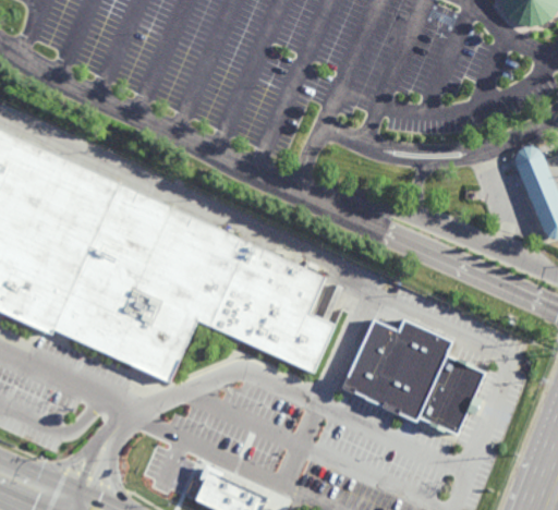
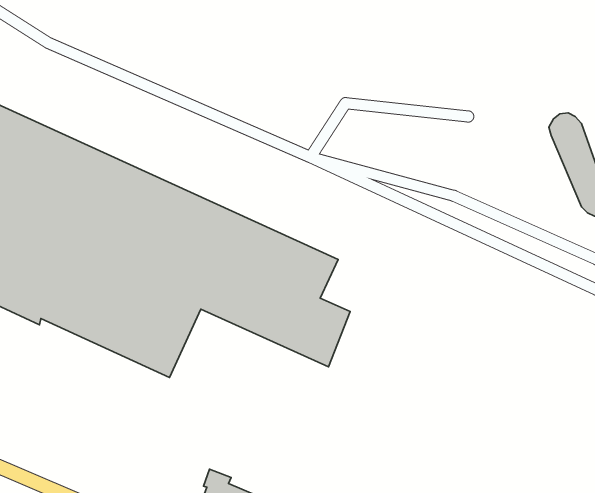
building: [344,321,484,437] -> none

